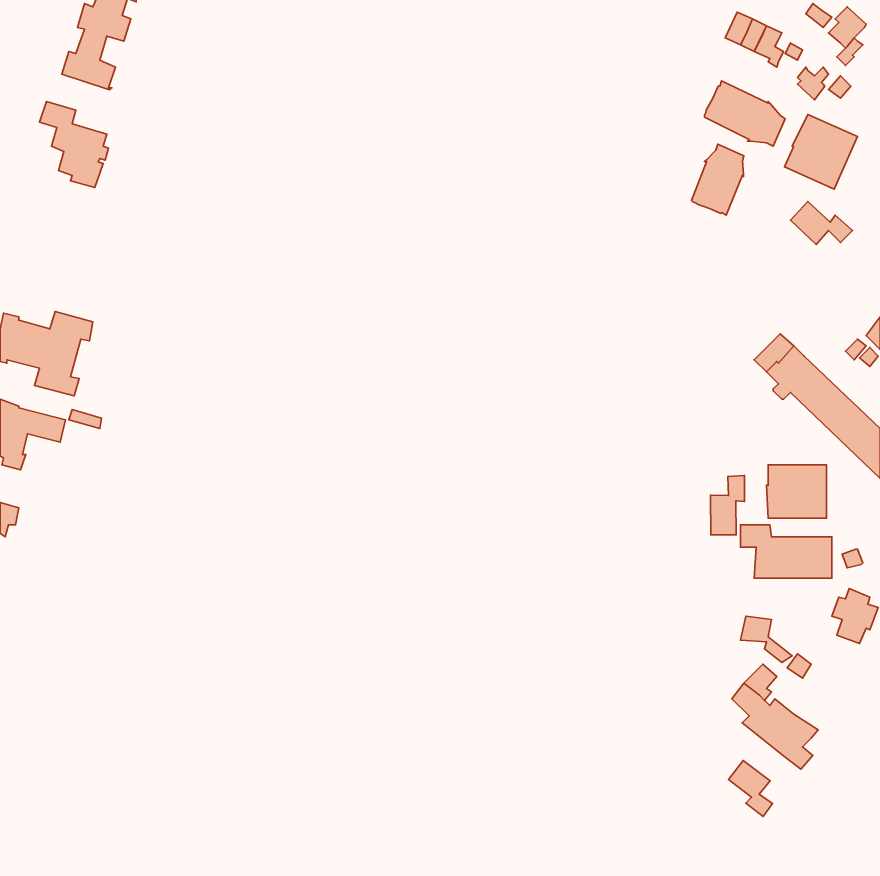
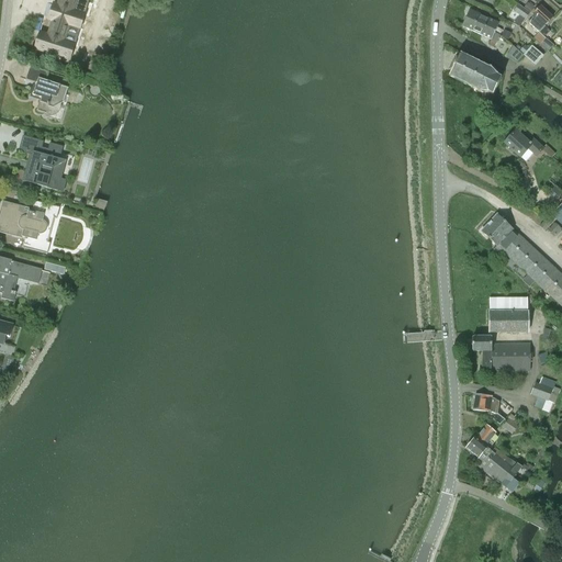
building: [784,115,858,189] -> none
building: [692,144,744,215] -> none
building: none -> [20,135,66,190]
building: [710,476,744,535] -> none
building: [728,760,772,817] -> none

